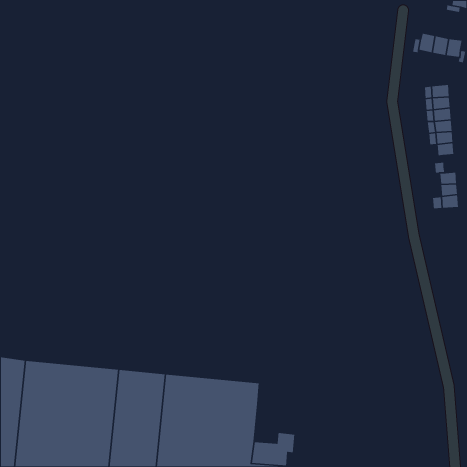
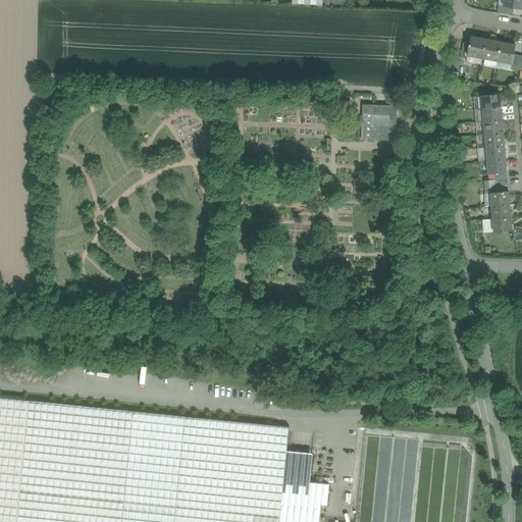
building: none -> [361,105,399,142]
building: none -> [283,451,313,494]

